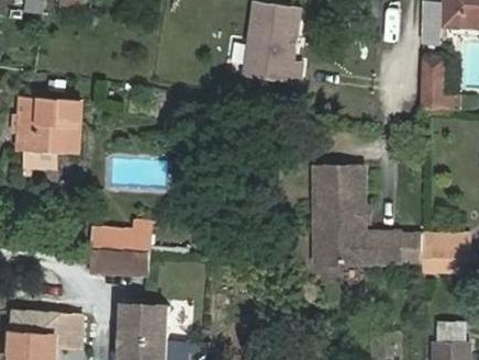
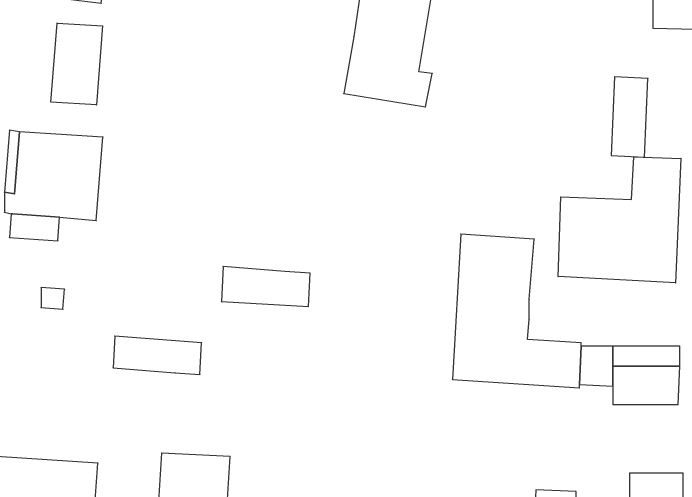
building: none -> [51,23,103,105]
building: none -> [558,157,681,283]
building: [90,250,148,277] -> [221,266,310,307]

